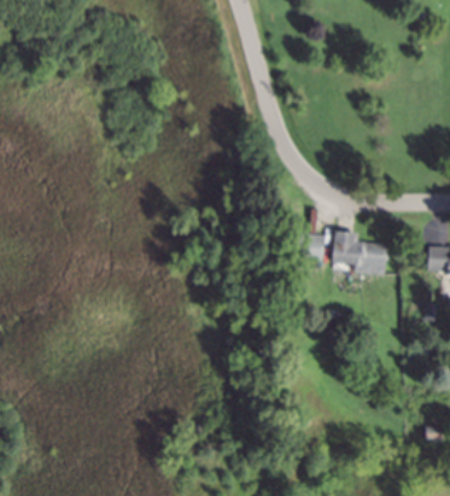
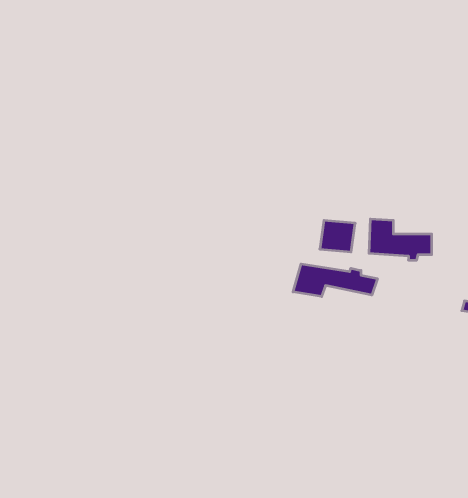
building: none -> [293,264,377,297]

